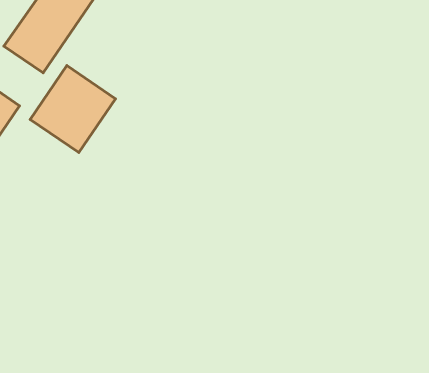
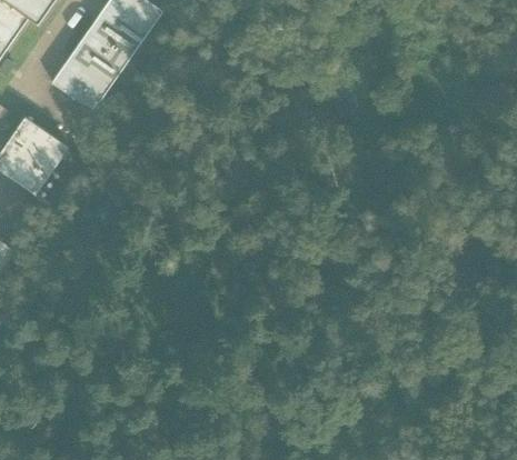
building: [30,66,116,153] -> none

